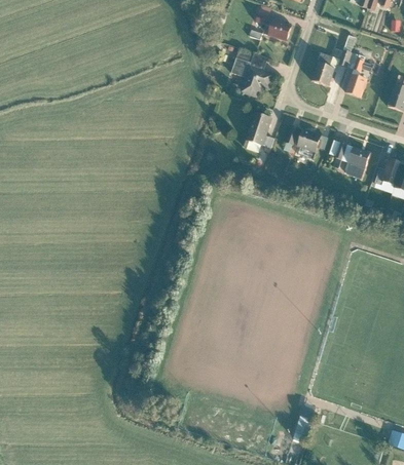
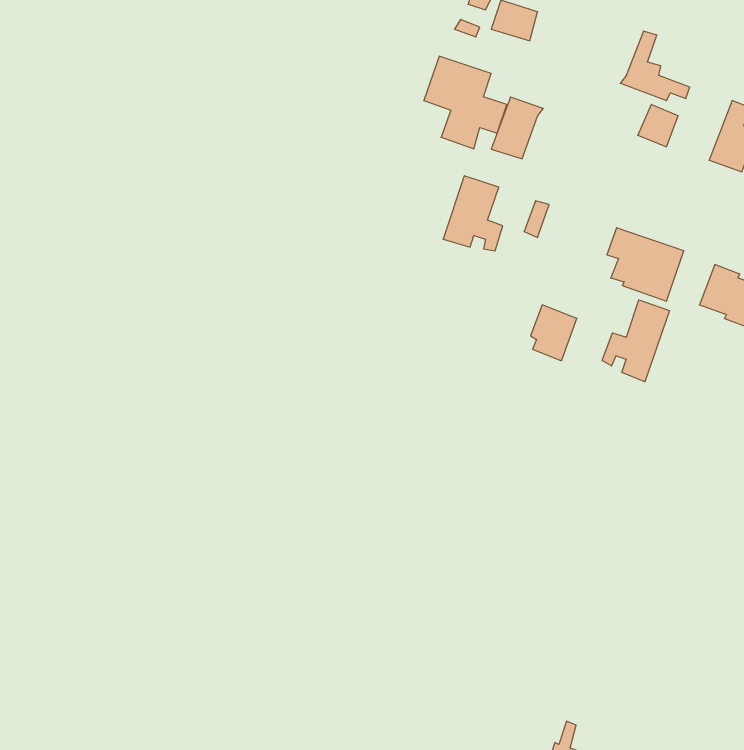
building: [311,52,339,85] -> [491,97,543,159]
building: [295,128,320,158] -> [531,305,577,361]
building: none -> [602,300,670,382]

